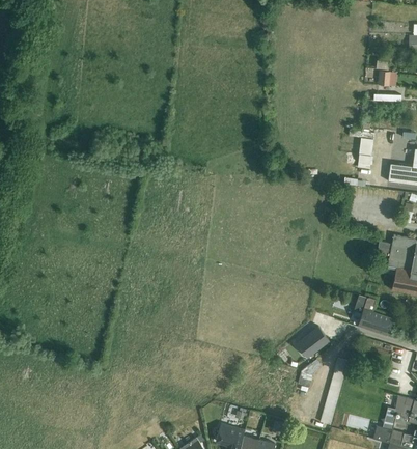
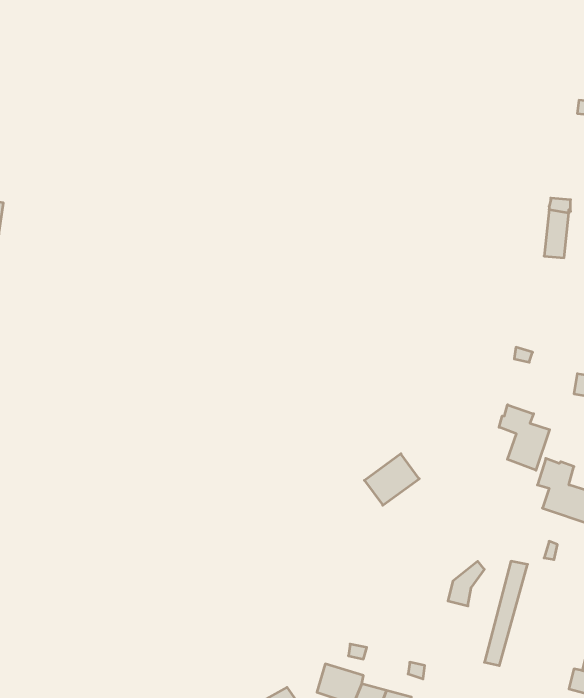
building: none -> [499,405,550,470]
building: [296,326,330,358] -> [364,454,419,505]

